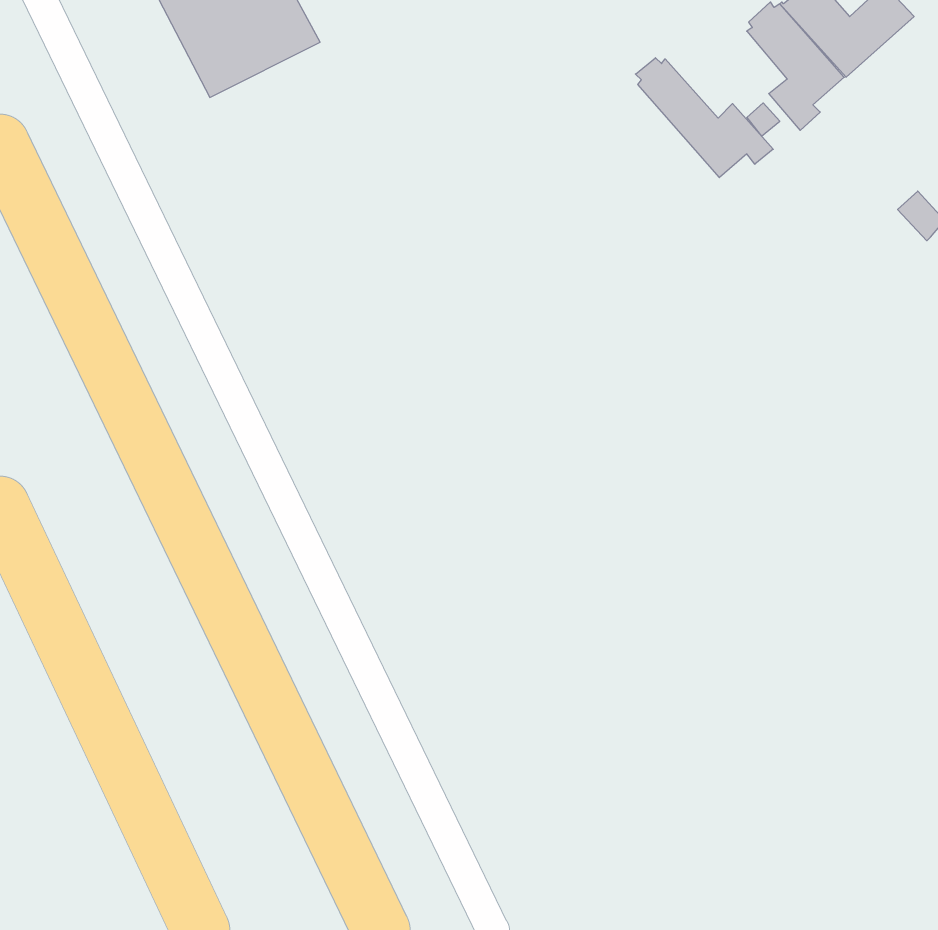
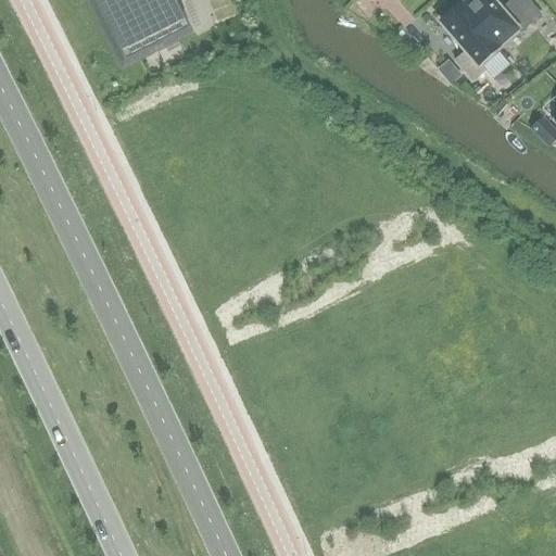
building: [635,58,773,178] -> none

